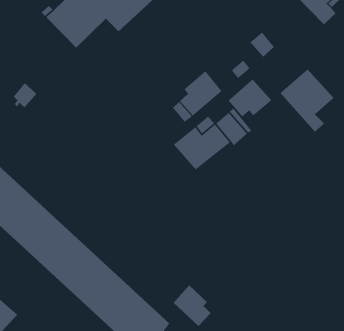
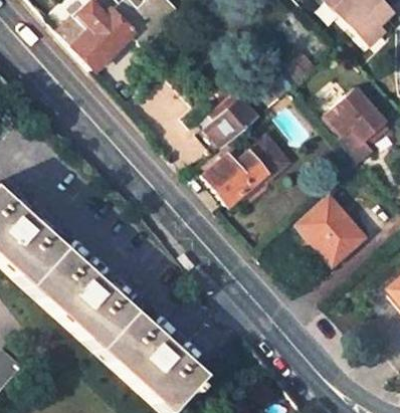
building: [227,79,272,118] -> none
building: none -> [298,196,364,263]
building: [173,285,211,327] -> none

